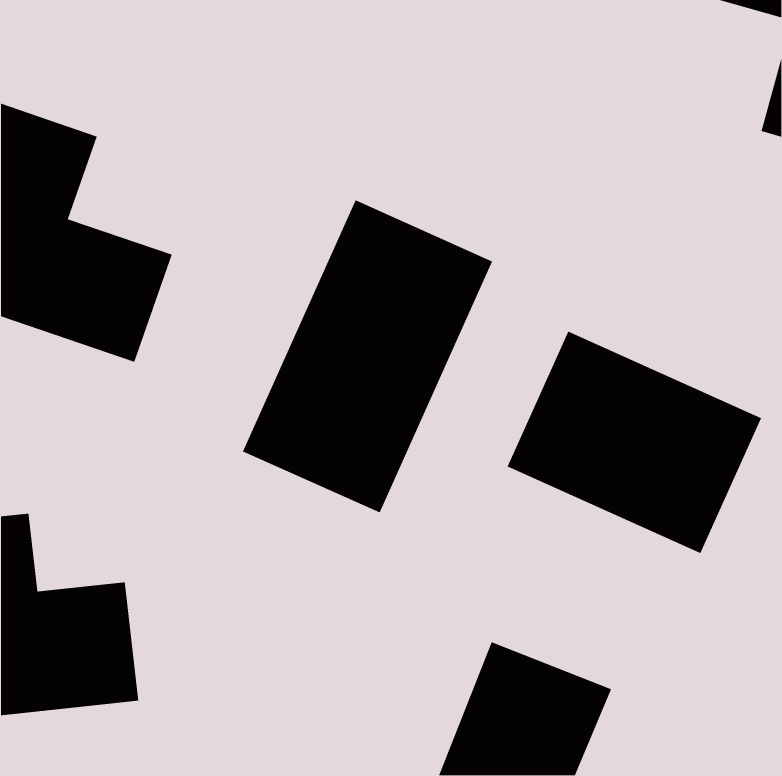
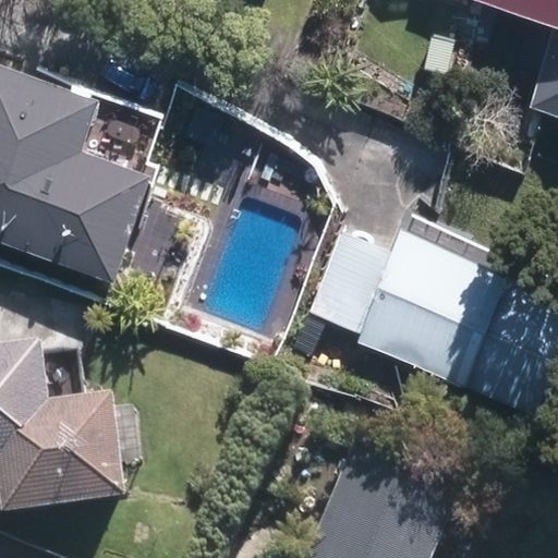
building: [242,199,493,514] -> none

